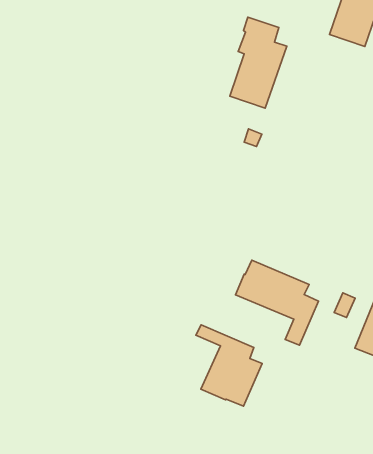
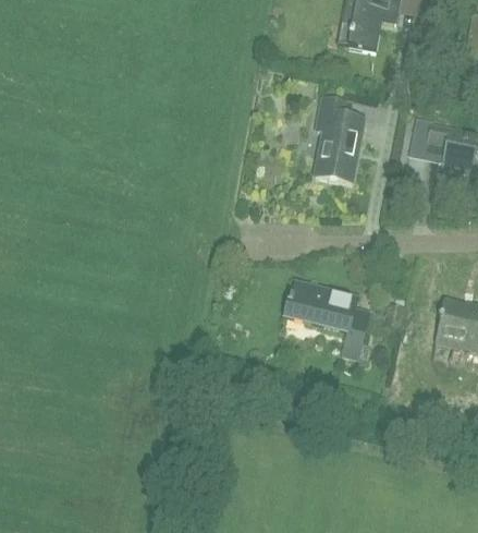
building: [230,17,287,108] -> [318,96,367,184]
building: [196,325,262,406] -> none

